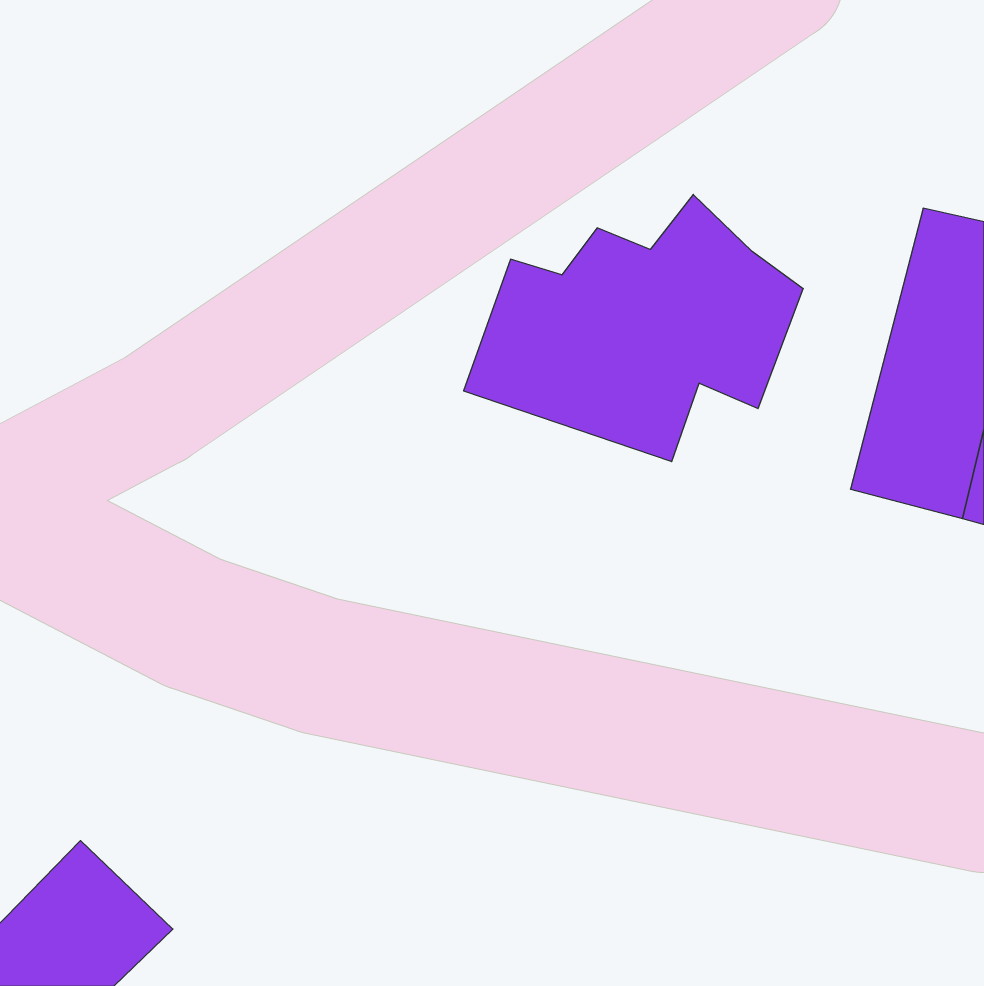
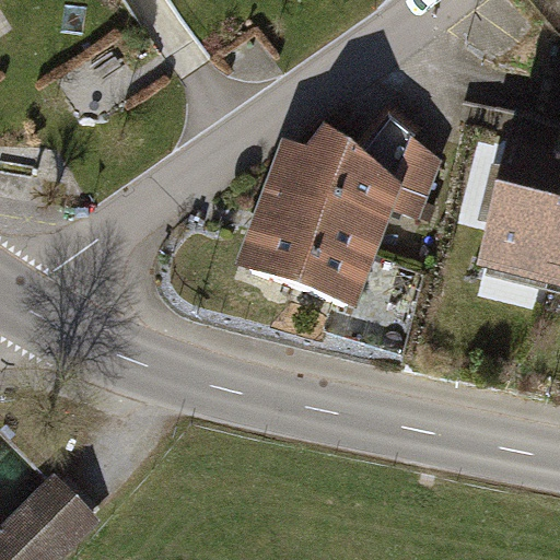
building: none -> [237,218,374,316]

